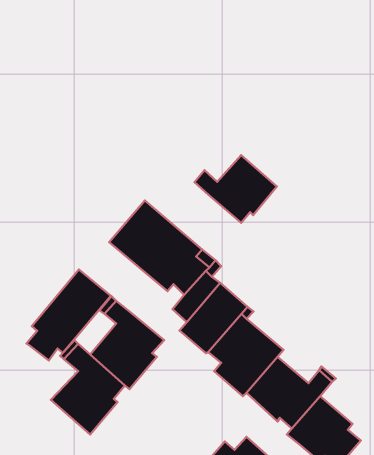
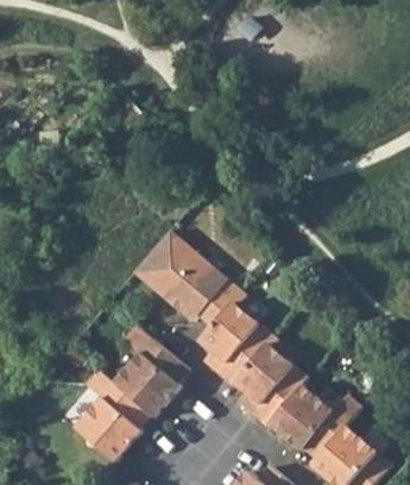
building: [194,155,277,223] -> none
building: [26,269,111,360] -> none

